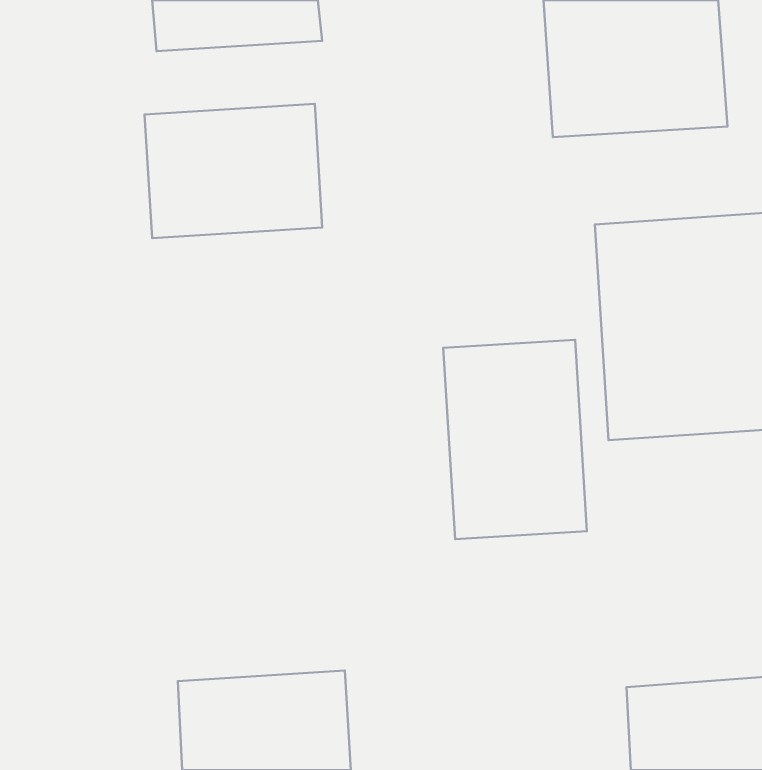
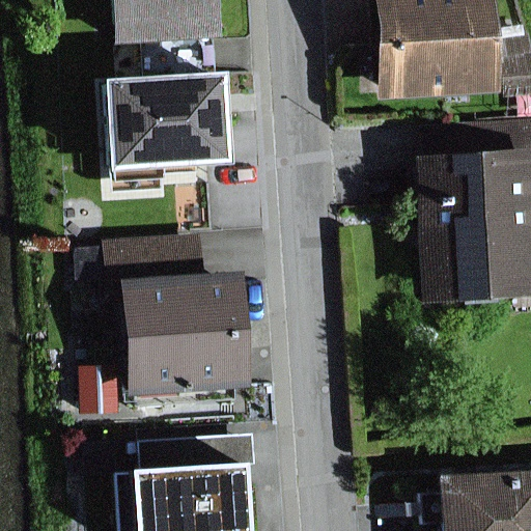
building: none -> [91,228,254,412]
building: [443,340,587,539] -> none

